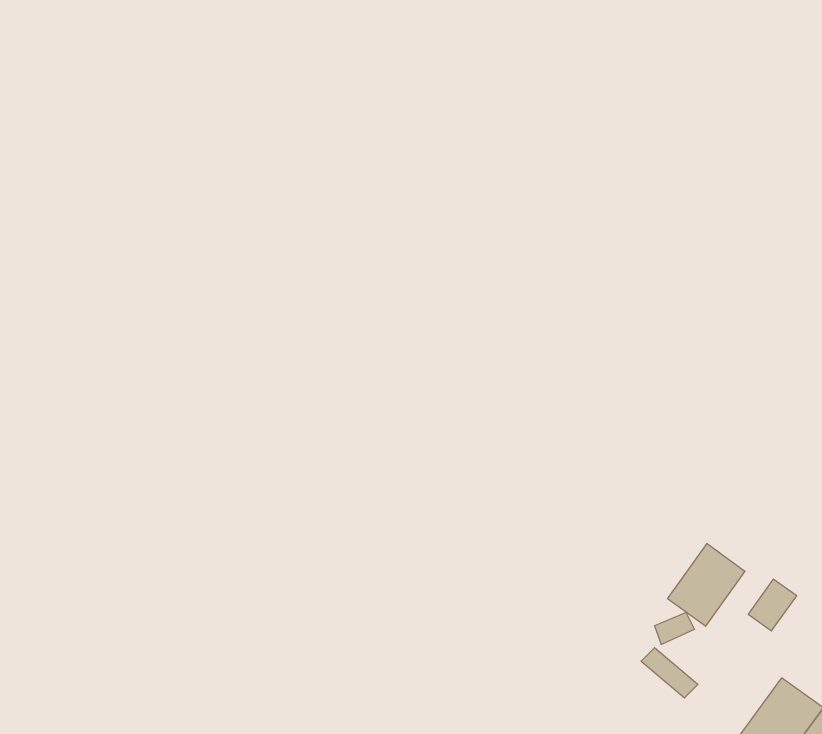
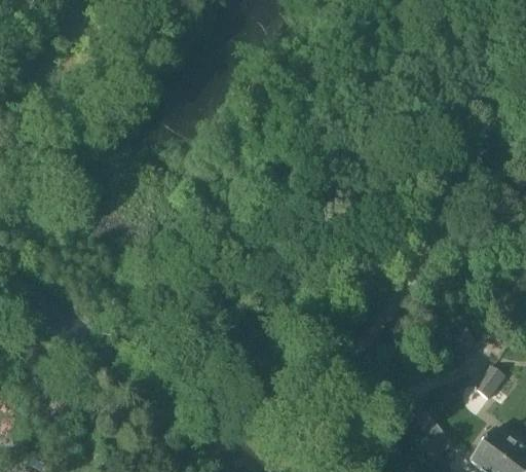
building: [668,543,745,626] -> none

